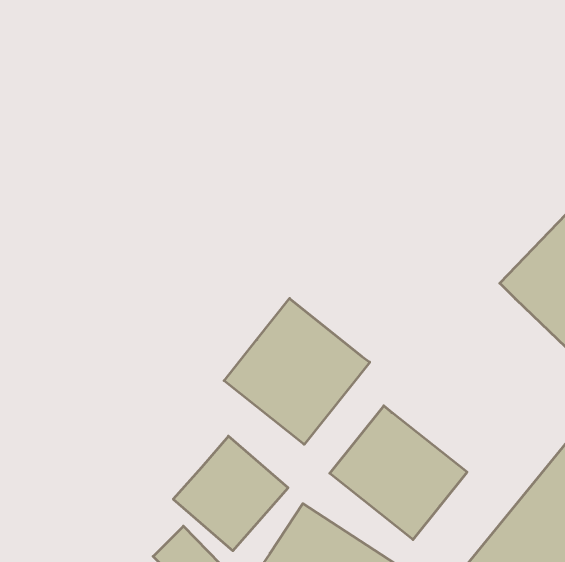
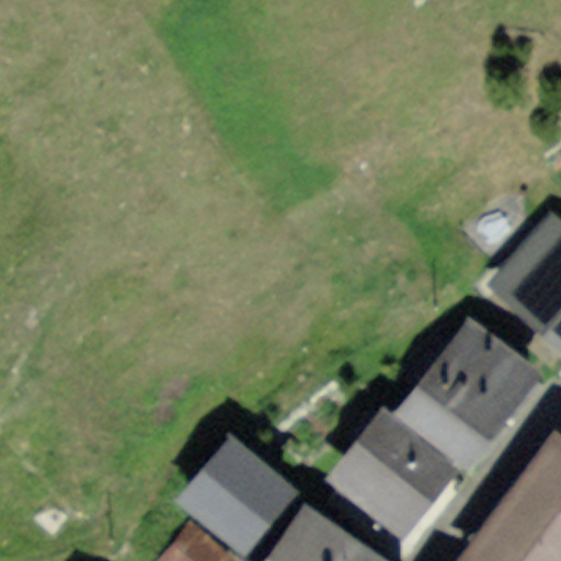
building: [224,298,370,444] -> none
building: none -> [391,316,545,472]

